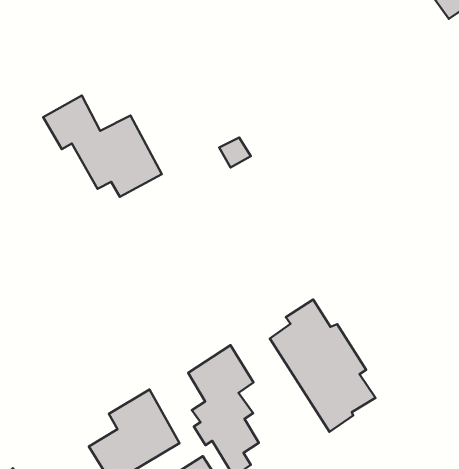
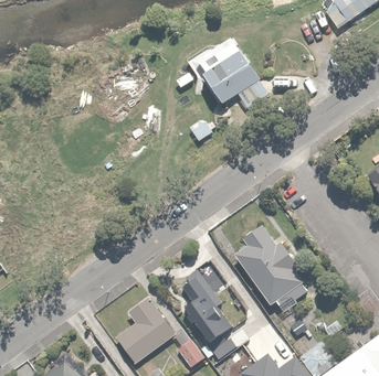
building: [43,96,162,197] -> [185,43,269,110]

